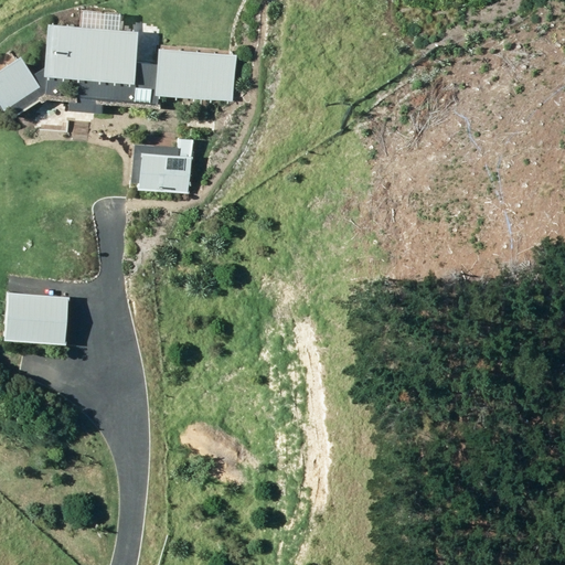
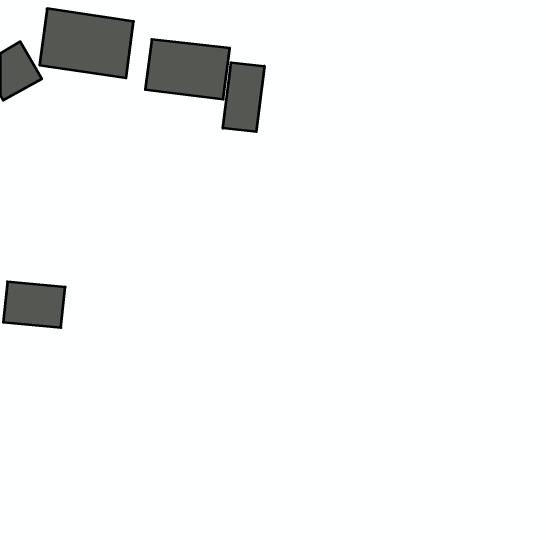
building: none -> [223,63,264,132]
building: [136,151,192,196] -> none

